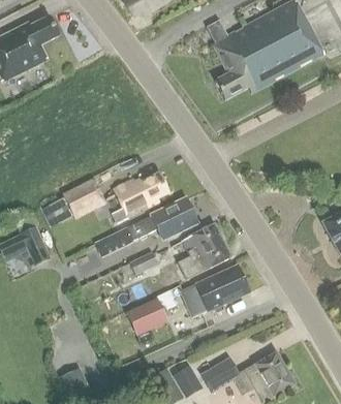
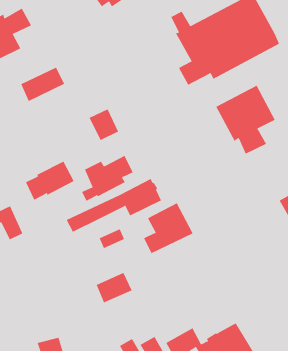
building: none -> [21,67,65,102]
building: none -> [216,85,276,155]
building: none -> [89,109,119,141]
building: [182,265,249,316] -> none

